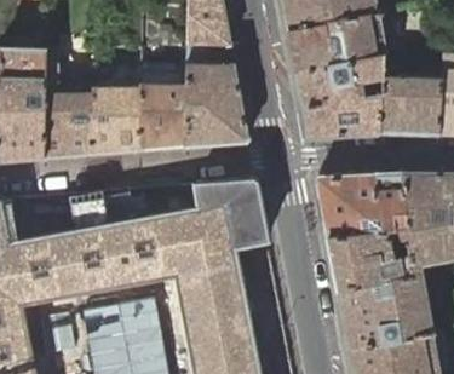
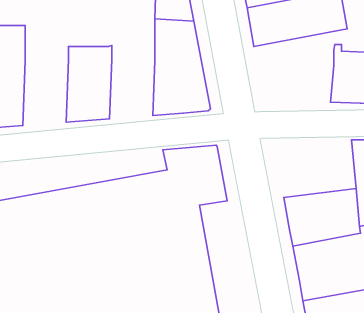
building: [294,56,383,138] -> none
building: [42,64,92,159] -> none
building: [137,86,186,151] -> none
building: [316,174,406,237] -> none

